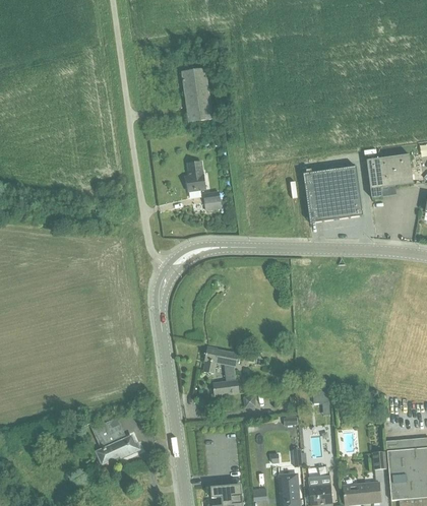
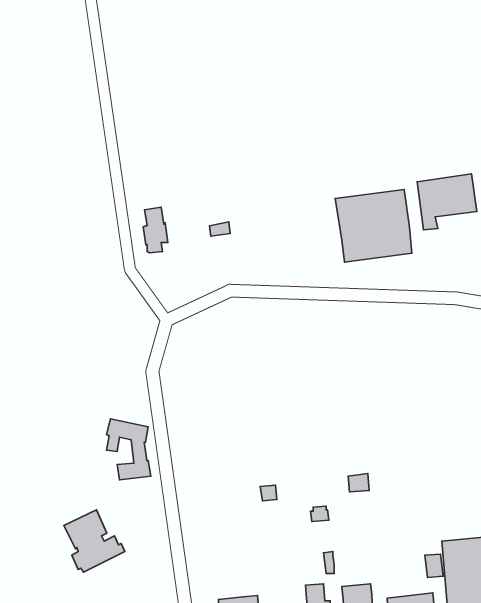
building: [182,68,214,122] -> none
building: [187,162,206,197] -> [143,207,168,253]
building: [205,347,240,395] -> [107,419,151,480]

